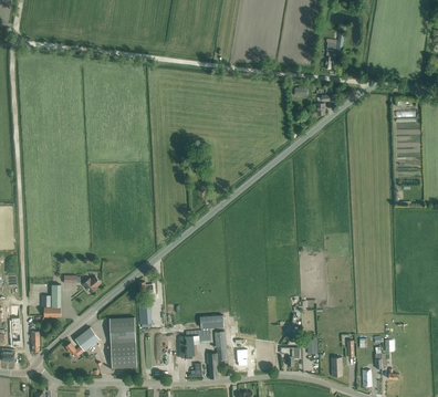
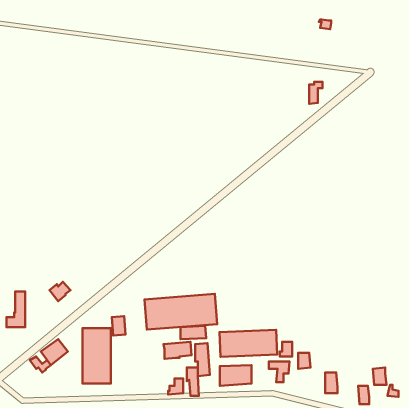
building: none -> [144,294,217,330]
building: none -> [220,330,277,357]

